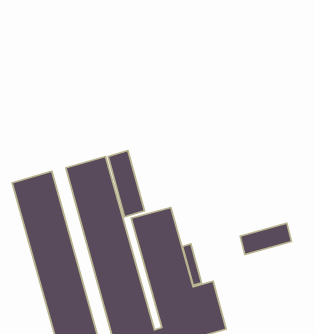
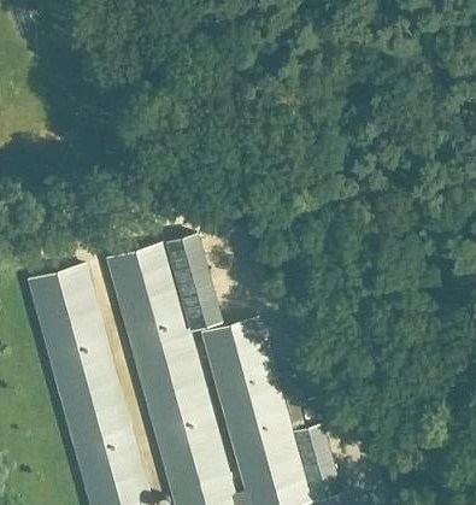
building: [240,223,292,255] -> none

